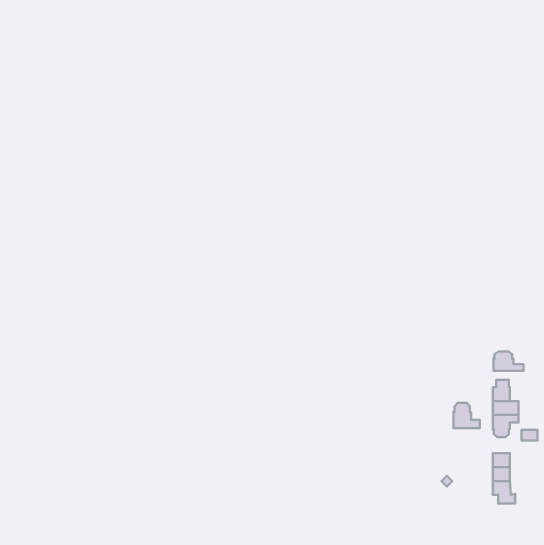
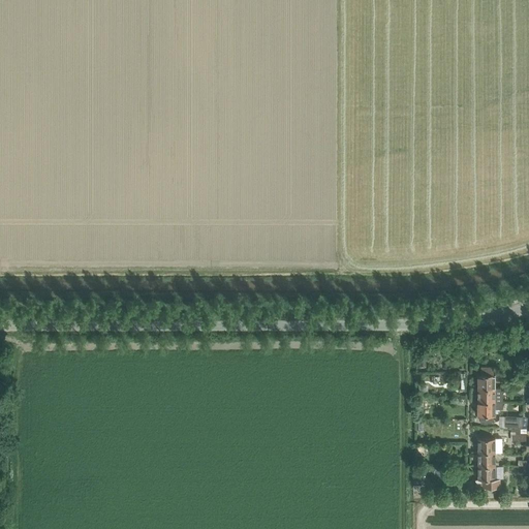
building: [493,351,524,371] -> none
building: [453,403,480,428] -> none

